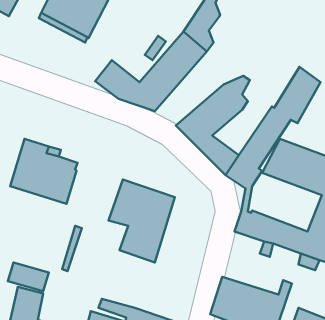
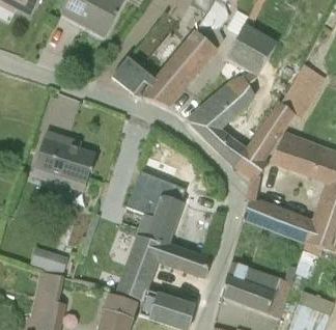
building: none -> [226,25,276,76]
building: none -> [122,236,209,277]

